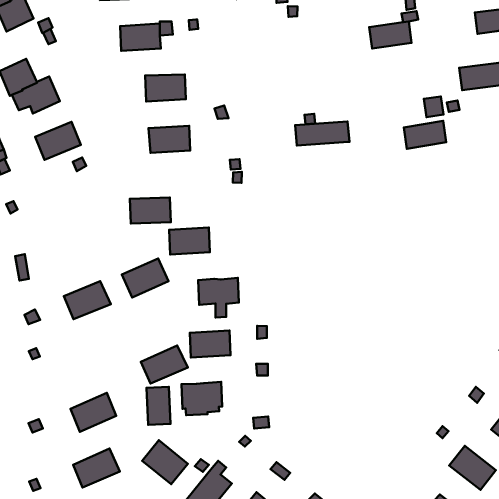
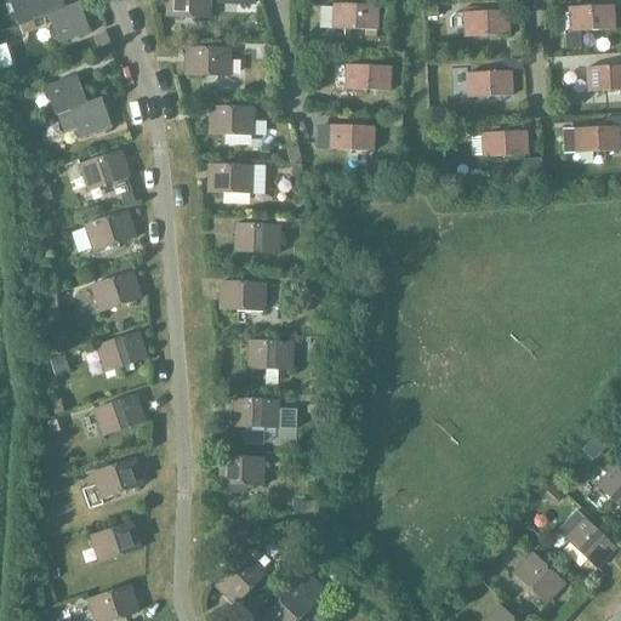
building: none -> [346,63,392,90]
building: [404,121,446,149] -> [483,129,529,156]
building: [295,122,349,145] -> [317,123,376,147]
building: none -> [85,210,137,250]
building: [130,198,171,224] -> [235,222,281,252]
building: [122,259,169,297] -> [91,269,143,310]
building: [141,346,188,384] -> [95,394,147,434]
building: [146,387,170,425] -> none
building: [142,440,188,484] -> none

